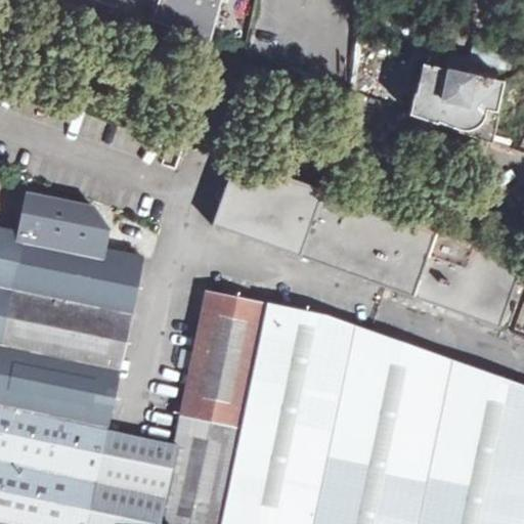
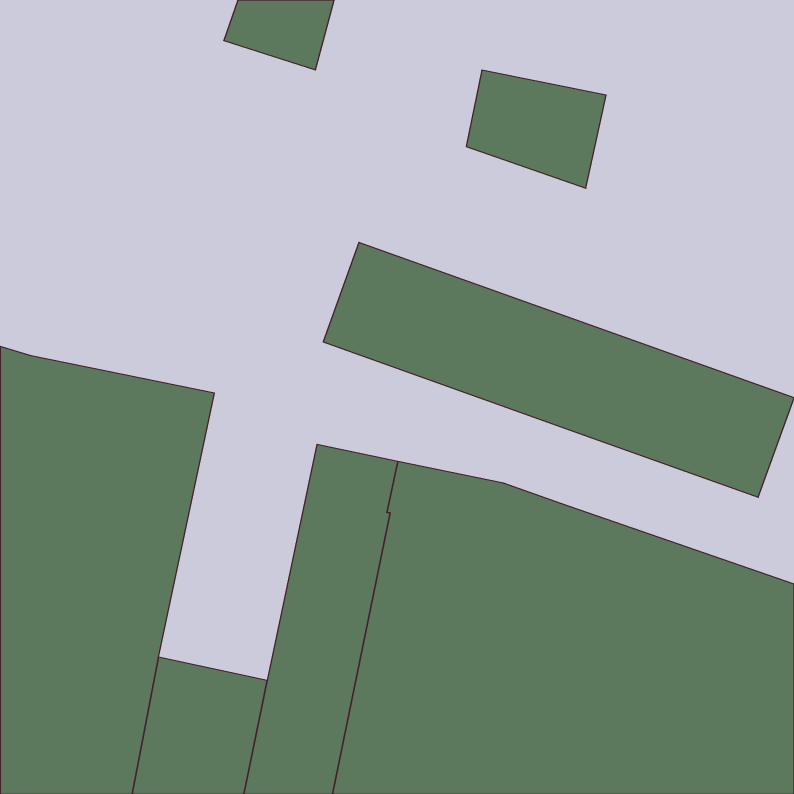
building: [412,63,505,141] -> [466,70,606,188]
building: [20,193,107,251] -> none

